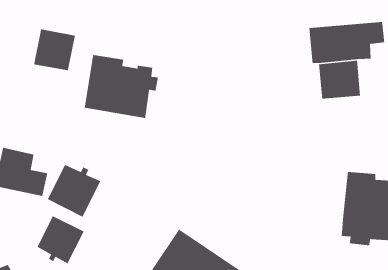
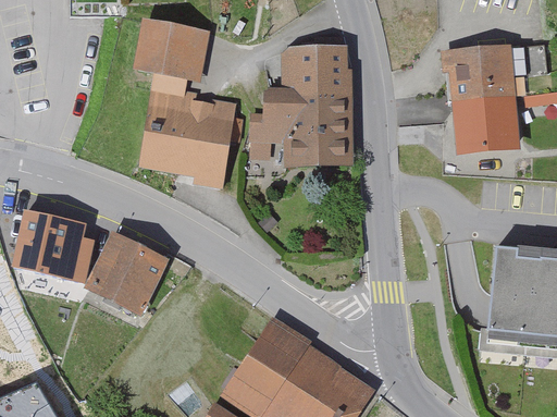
building: none -> [250,40,346,164]
building: [33,29,76,71] -> [138,22,196,79]
building: [36,215,85,265] -> none

